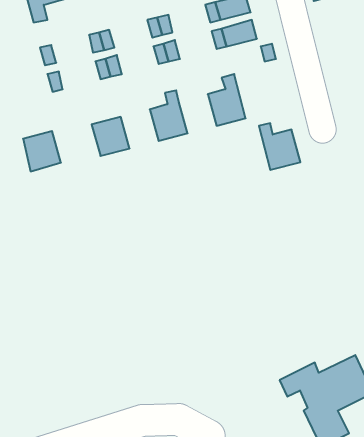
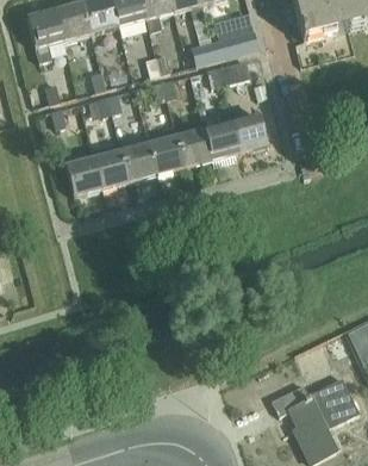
building: none -> [176,128,212,164]
building: none -> [121,142,157,179]
building: [259,123,300,170] -> [229,106,268,150]
building: [23,131,61,171] -> [67,156,102,194]

